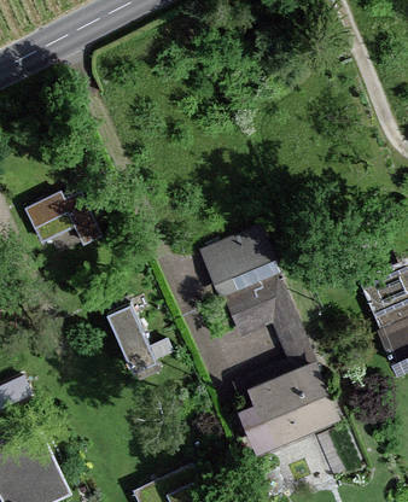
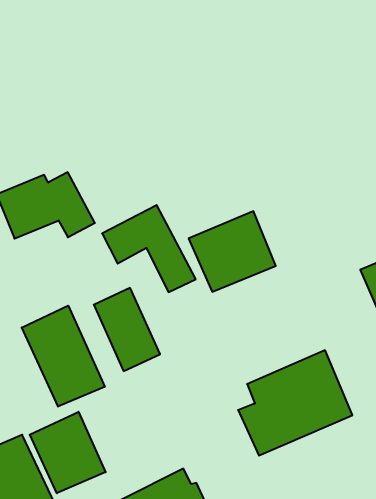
building: [223,282,310,363] -> [102,205,196,292]
building: none -> [22,306,105,407]
building: none -> [30,412,106,493]

